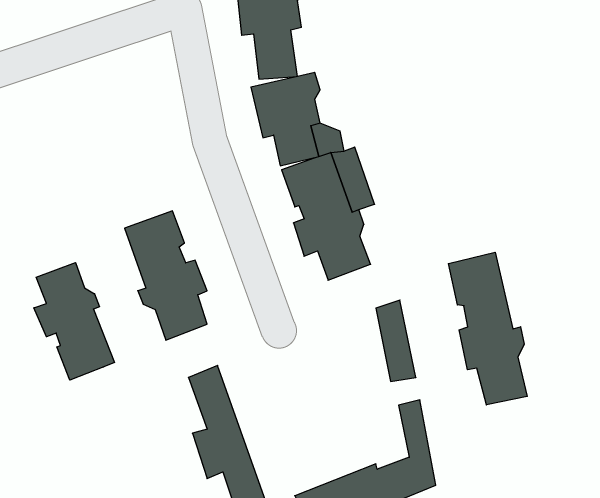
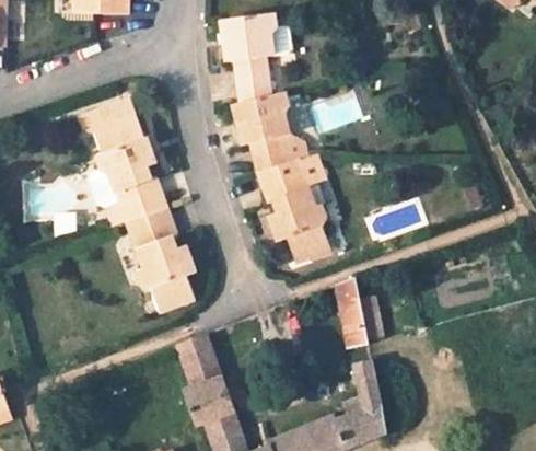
building: none -> [77,95,167,226]
building: [448,252,527,405] -> none
building: [34,263,114,380] -> none

